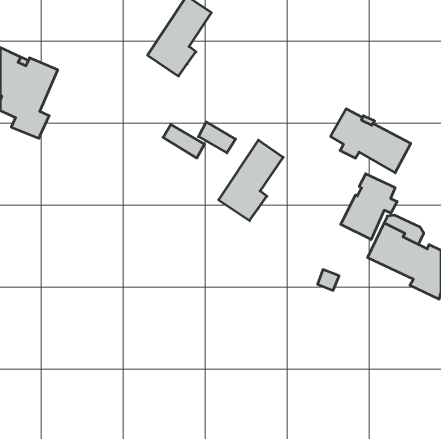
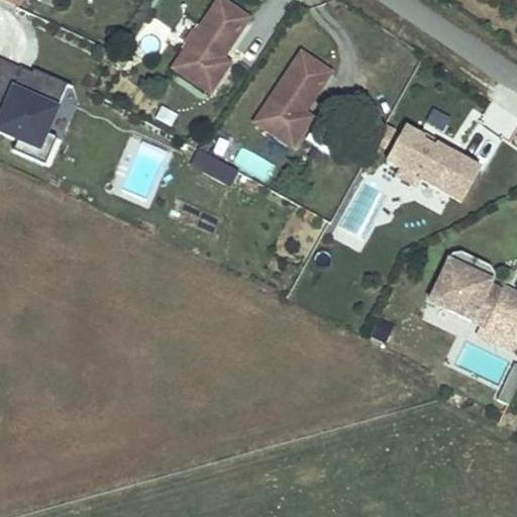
building: [219,140,283,221] -> [254,49,330,143]
building: [341,174,397,240] -> none

